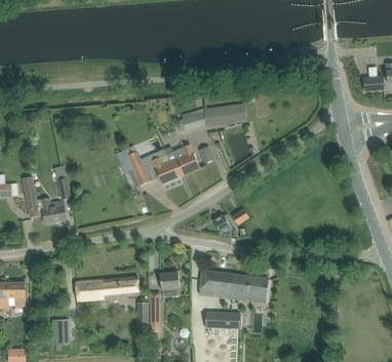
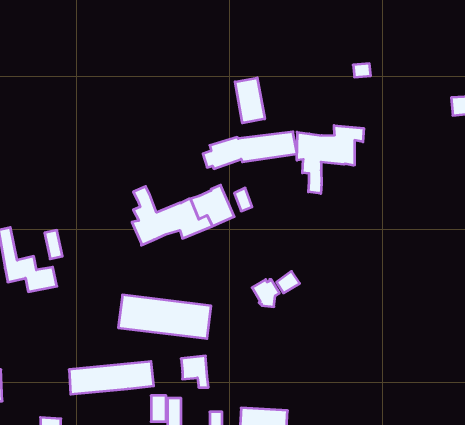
building: none -> [235,78,265,123]
building: none -> [297,125,364,194]
building: [199,270,269,303] -> [118,295,211,339]

